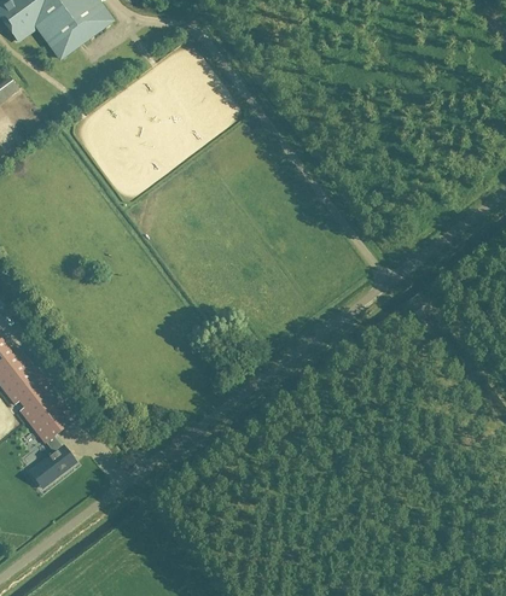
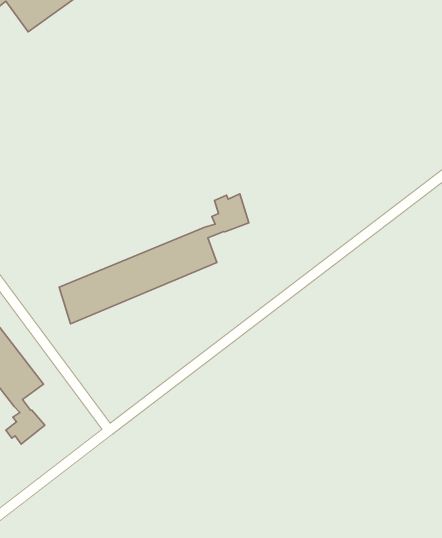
building: none -> [59,194,249,324]

